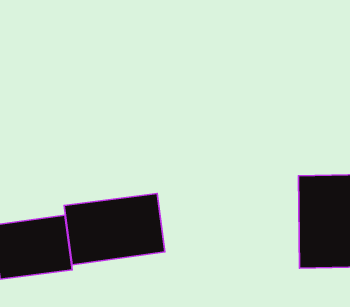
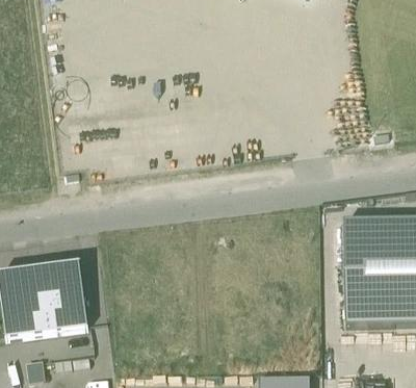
building: [64,194,165,265] -> none

